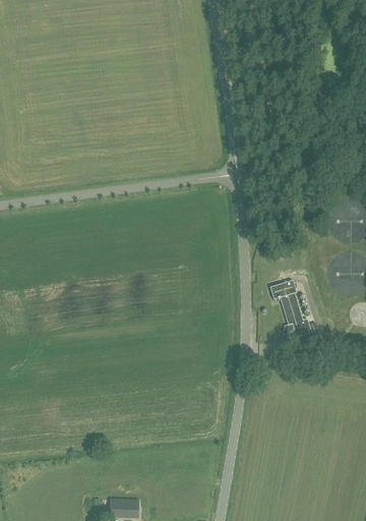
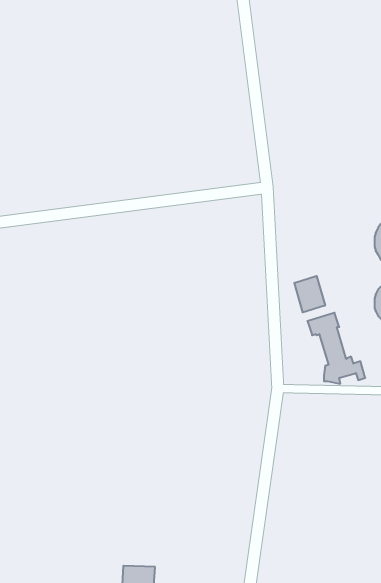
building: none -> [294,276,325,312]

